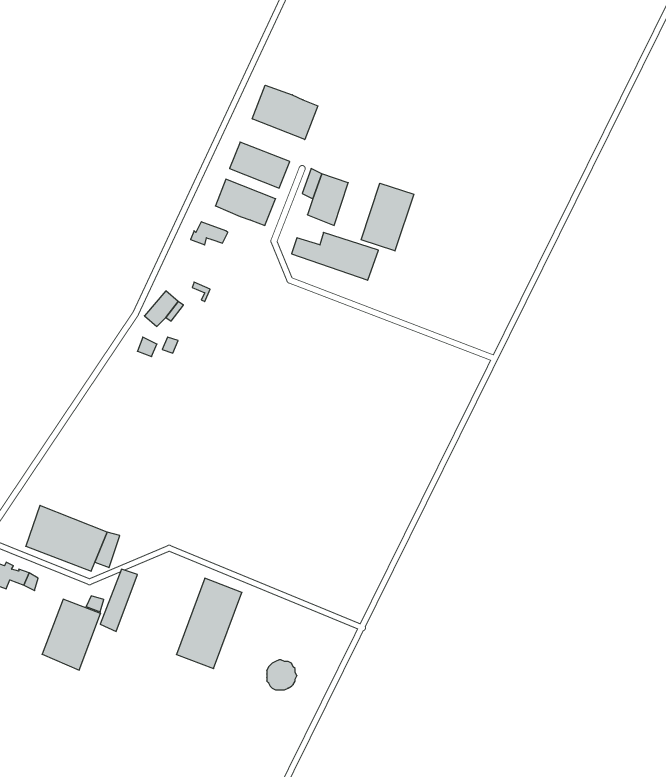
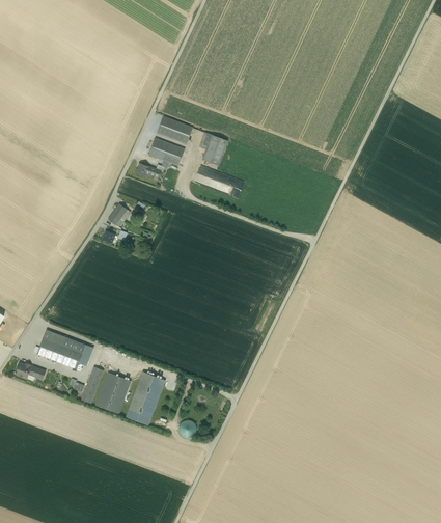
building: [252,85,318,140] -> none
building: [361,183,414,251] -> none
building: [42,599,101,670] -> [95,371,130,413]

